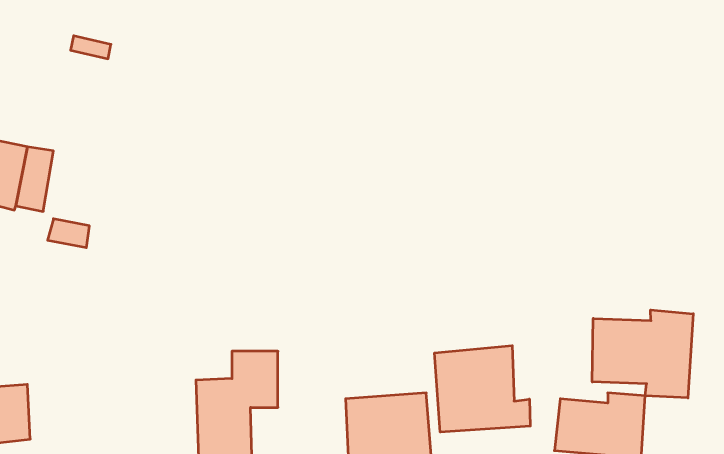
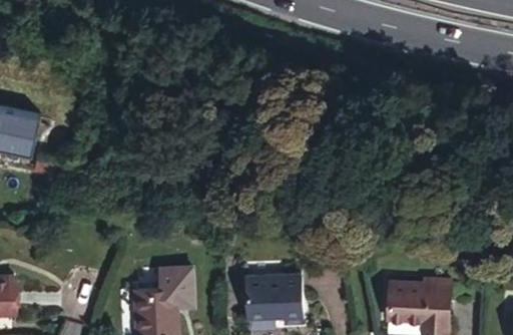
building: [592,310,693,398] -> none
building: [435,346,530,432] -> none

